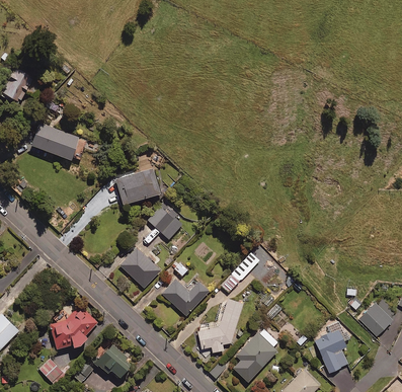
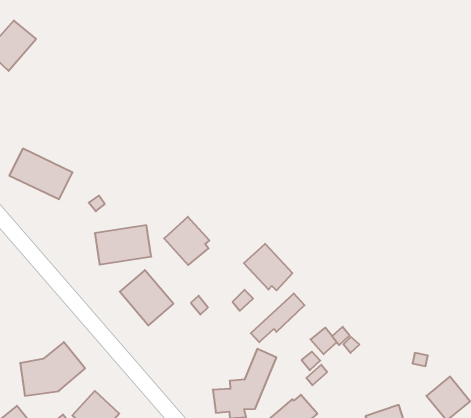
building: [30,124,78,159] -> [9,149,73,199]
building: [114,168,159,202] -> [95,225,151,265]
building: none -> [244,244,292,290]
building: [161,277,209,315] -> none

